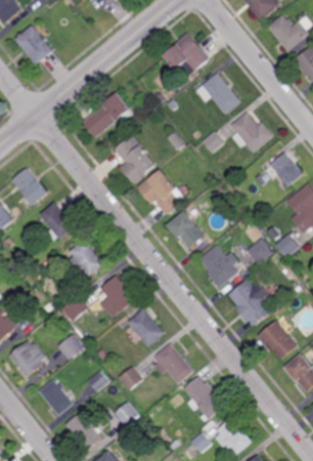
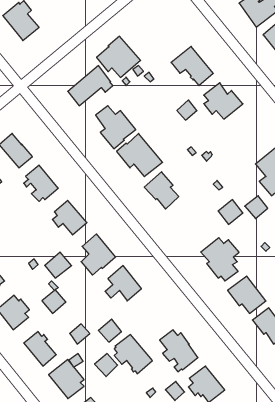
building: [164,35,211,79] -> [97,36,141,77]
building: [262,151,302,185] -> none
building: [197,244,238,288] -> none
building: [153,343,194,385] -> [114,335,152,374]

